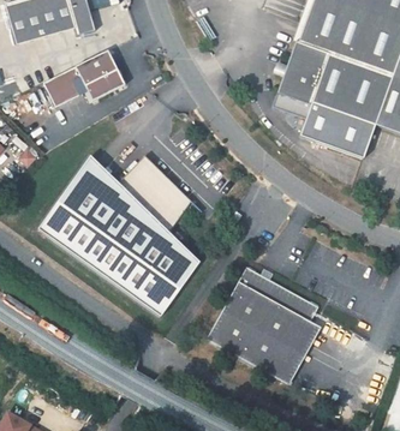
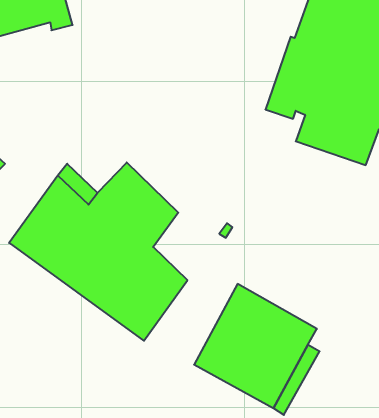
building: [43,49,125,106] -> none

